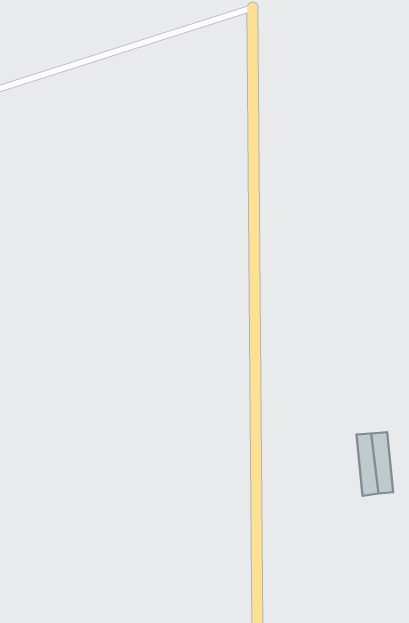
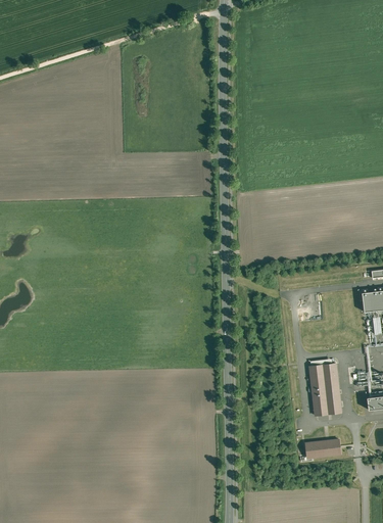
building: none -> [305,439,341,458]

